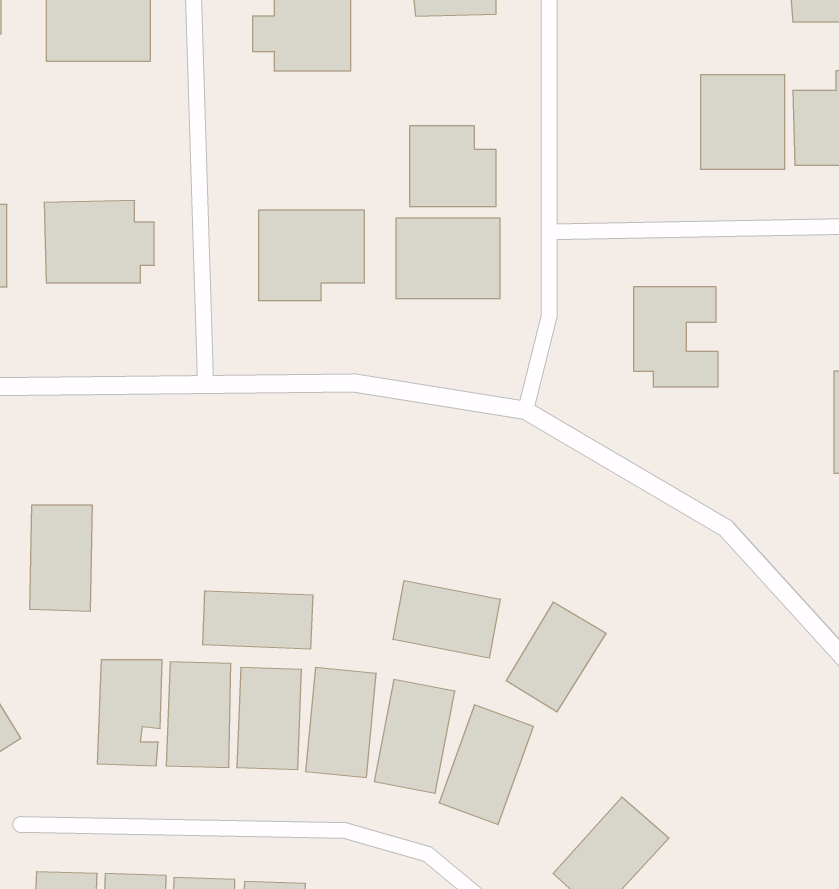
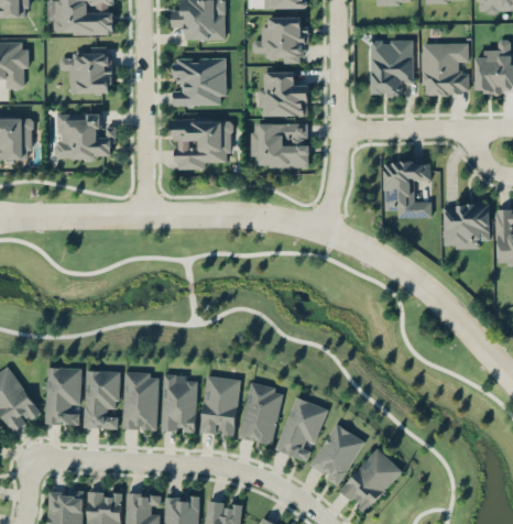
building: none -> [252,17,307,64]
building: none -> [370,40,413,97]
building: none -> [61,47,112,94]
building: none -> [173,58,226,106]
building: none -> [443,204,490,249]
building: [30,505,92,611] -> [46,368,81,427]
building: [393,581,500,658] -> none
building: [203,591,313,649] -> none
building: [506,602,606,712] -> [309,424,365,485]

